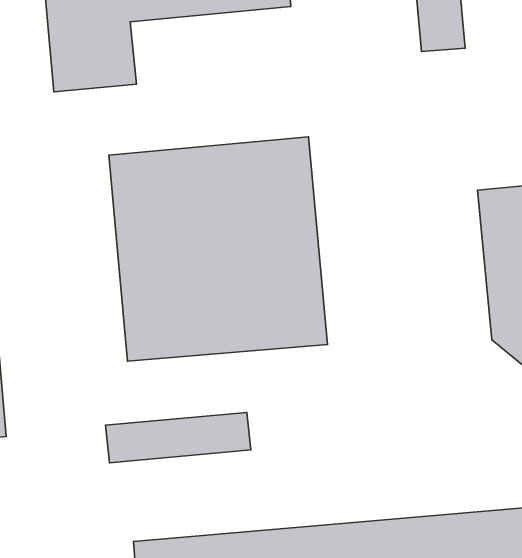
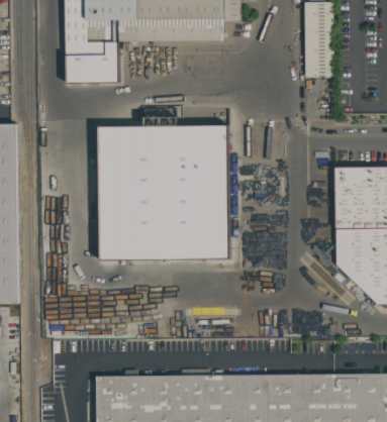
building: [105,412,251,463] -> none

